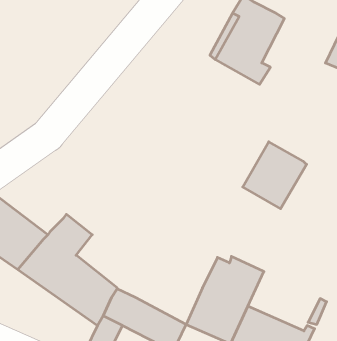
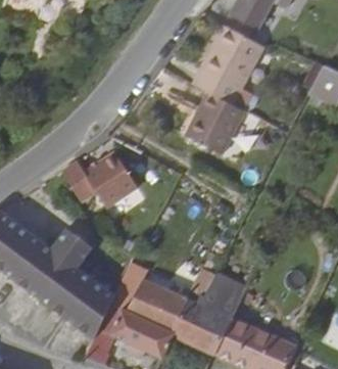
building: none -> [59,149,135,205]
building: [243,142,307,209] -> [190,91,250,154]
building: none -> [130,279,193,336]

